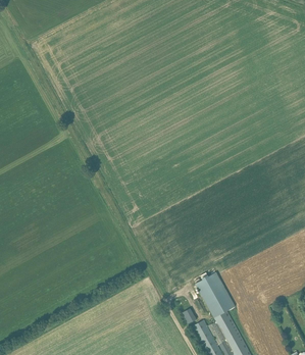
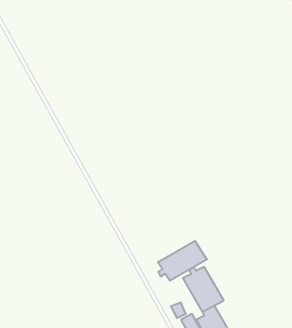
building: none -> [158,241,207,281]

